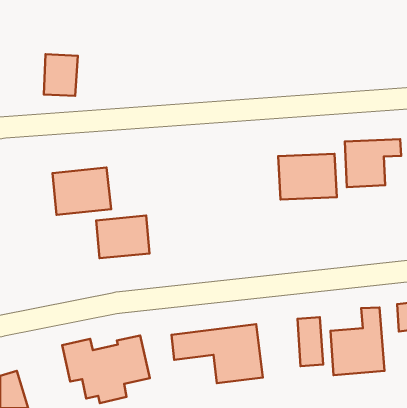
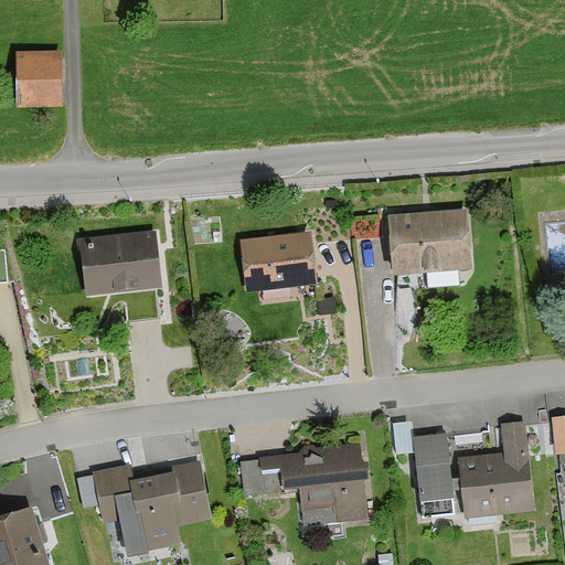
building: [44,54,78,96] -> [15,51,62,108]
building: [345,139,401,187] -> none
building: [96,216,149,258] -> [241,233,313,291]

